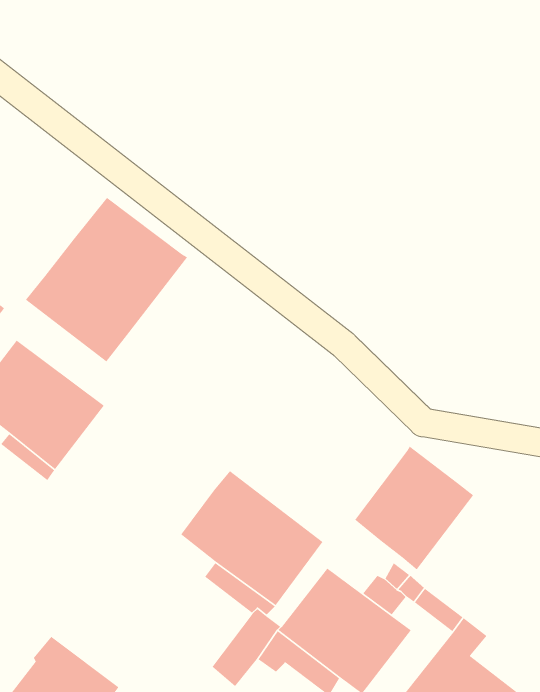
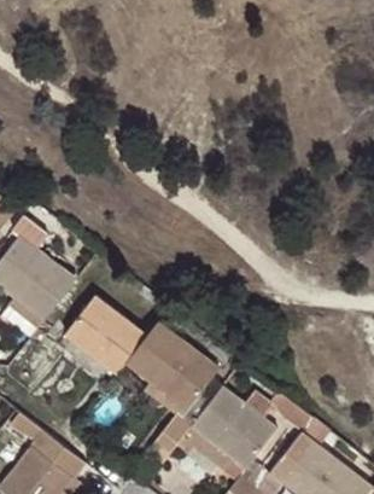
building: [25,197,188,362] -> none
building: none -> [63,295,147,377]
building: [354,445,474,571] -> none

